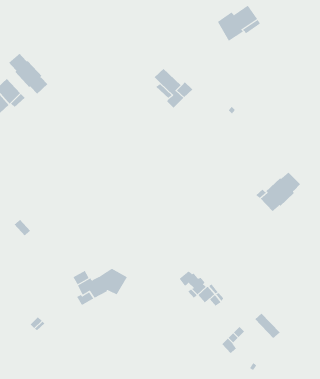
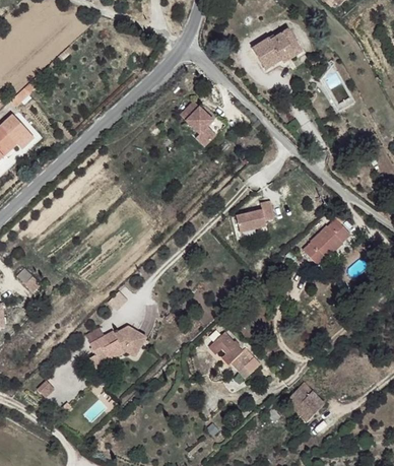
building: [8,53,48,95] -> none
building: none -> [238,201,276,232]
building: none -> [286,387,317,418]

